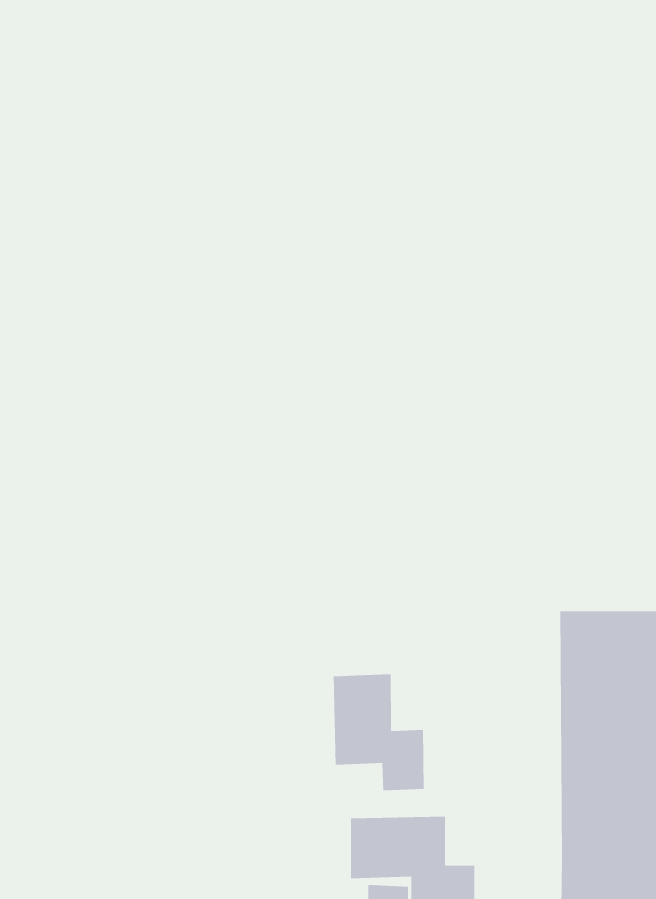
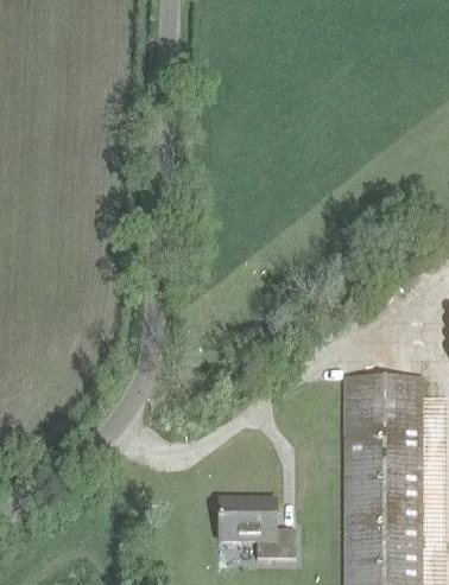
building: [333,674,424,791] -> none

